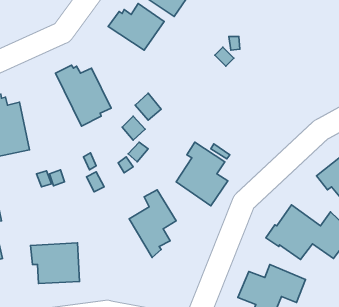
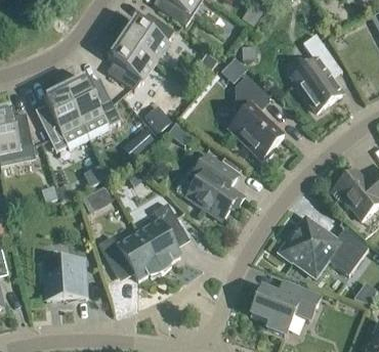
building: none -> [292,33,341,111]
building: none -> [107,35,154,89]
building: none -> [227,74,284,159]
building: none -> [35,83,89,150]
building: none -> [98,232,162,279]

